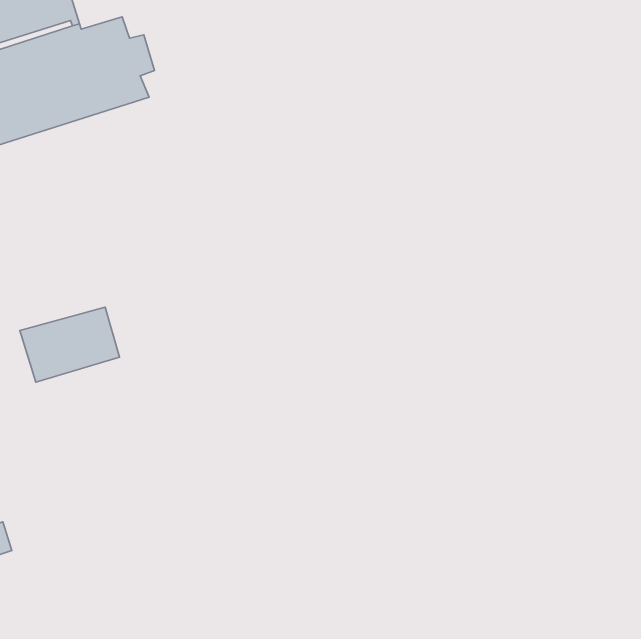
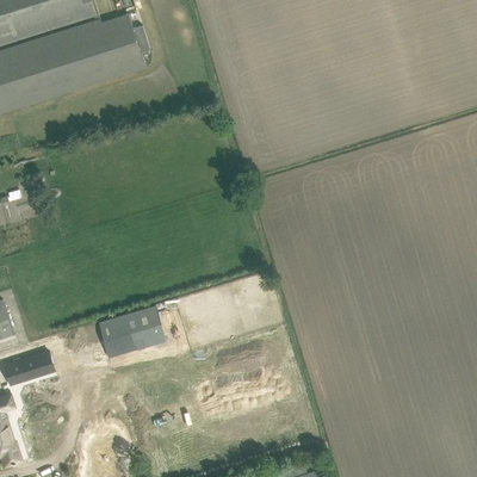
building: [20,307,120,382] -> [98,306,165,357]

